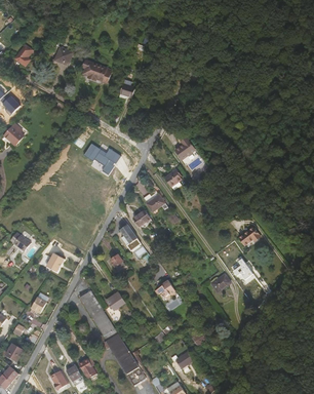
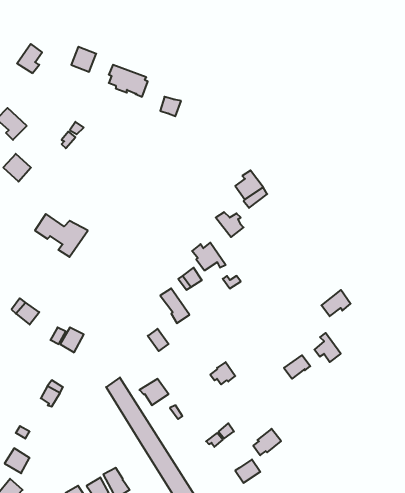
building: [84,143,123,174] -> [35,214,88,257]

